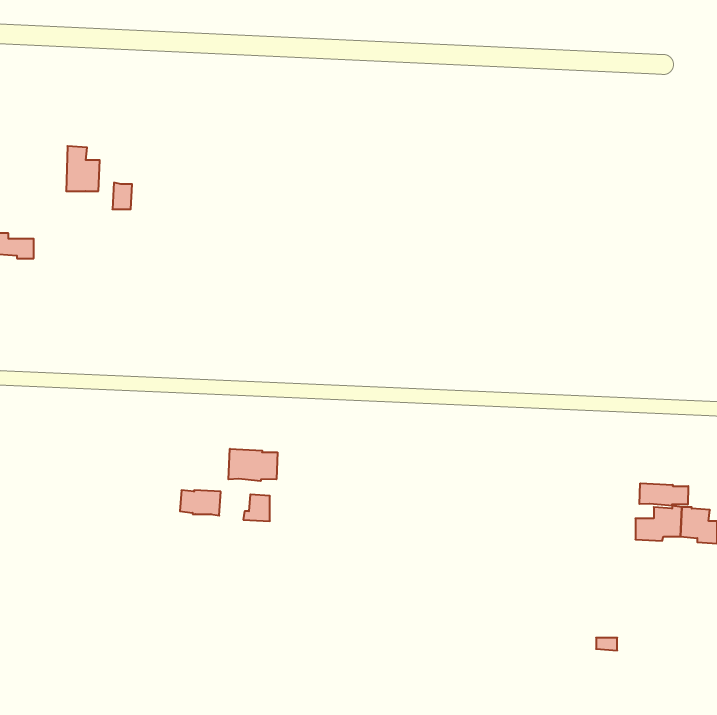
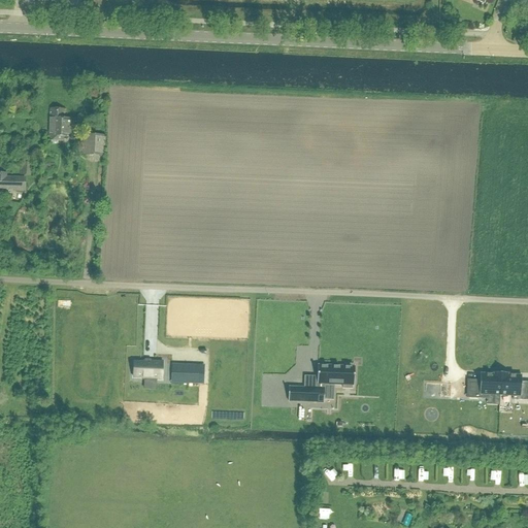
building: [228,449,277,481] -> none
building: [639,483,688,506] -> none
building: none -> [287,362,354,401]

